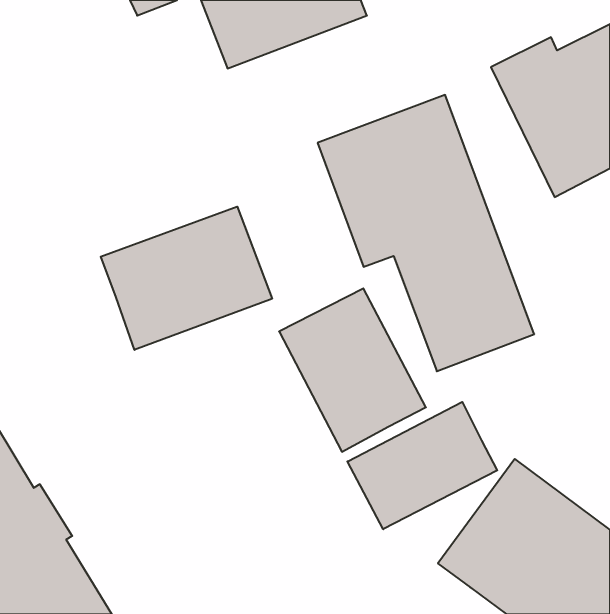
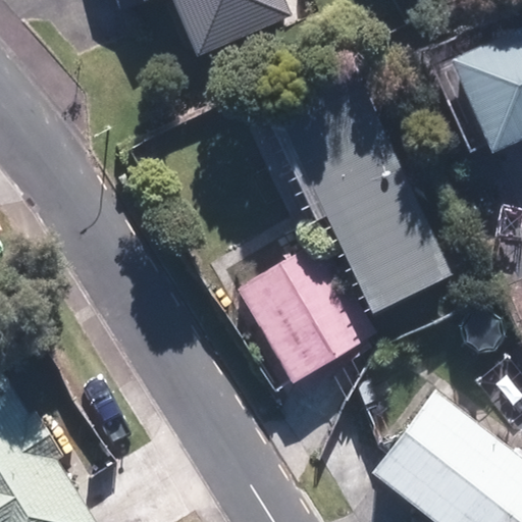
building: [101,207,272,350] -> none
building: [347,402,497,529] -> none

